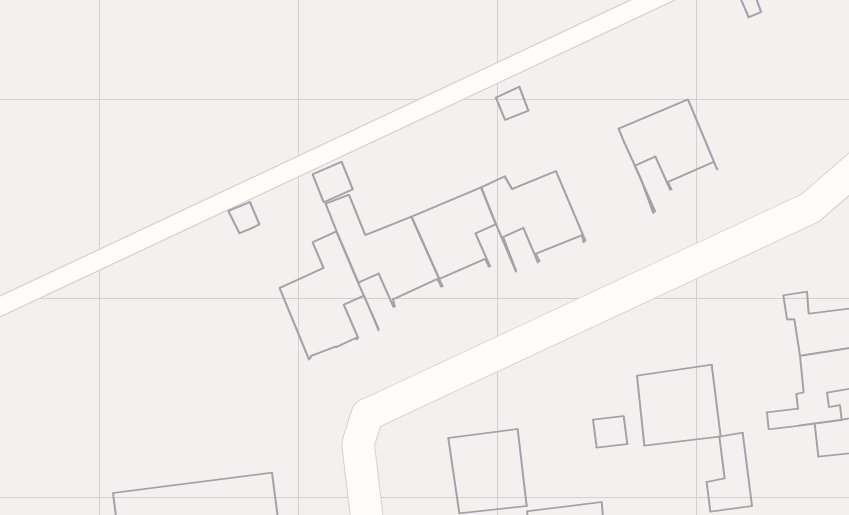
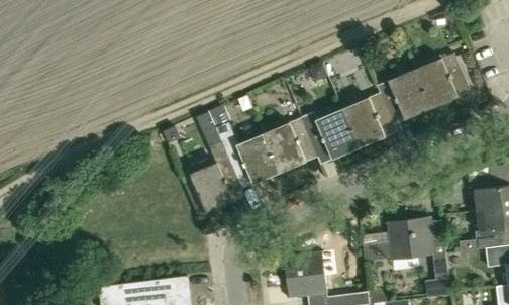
building: none -> [416,53,472,108]
building: none -> [343,93,390,147]

